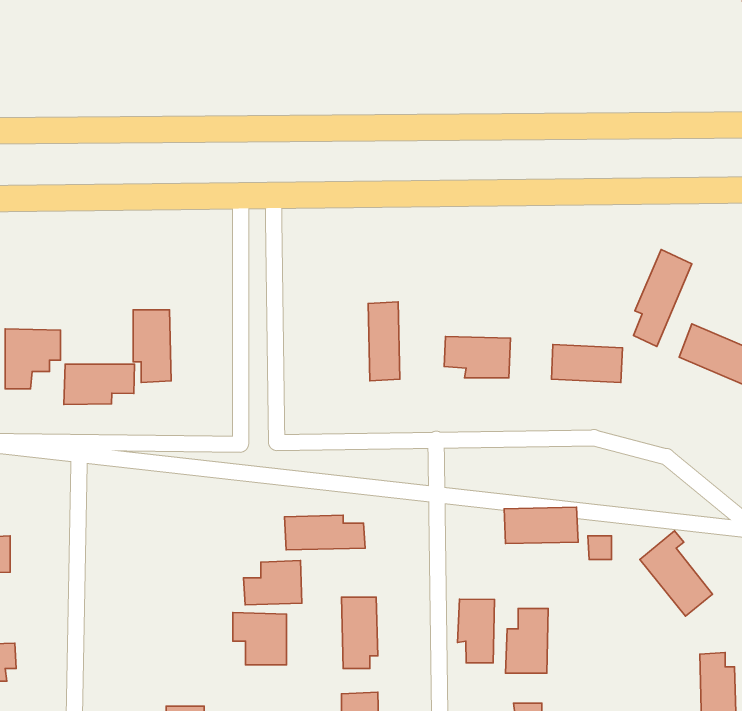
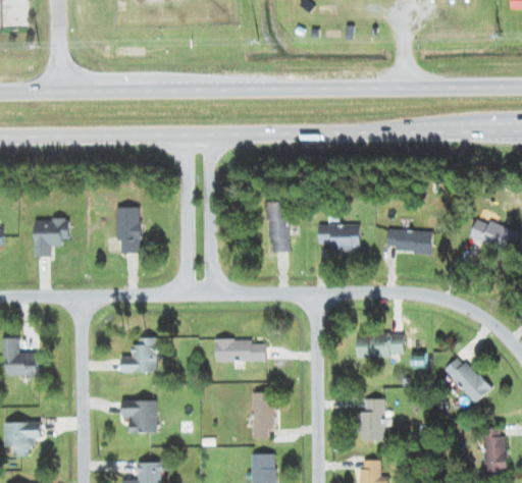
building: [634,250,692,347] -> none
building: [64,364,135,404] -> none
building: [244,560,302,605] -> [120,344,158,373]
building: [457,599,495,663] -> none
building: [233,613,287,665] -> [121,399,156,433]

